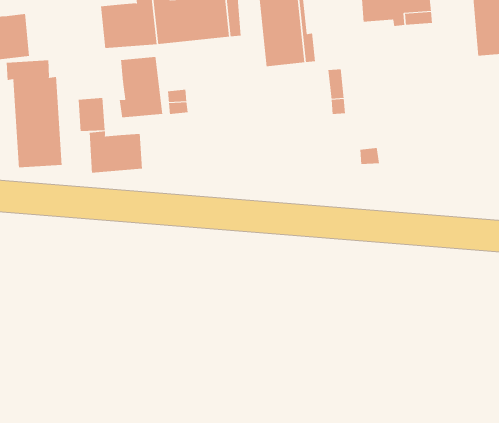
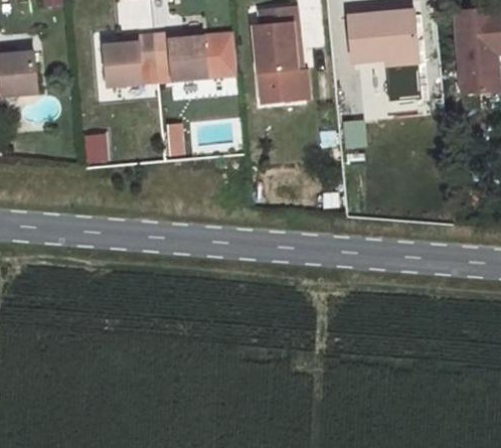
building: [119,56,163,118] -> none
building: [6,60,62,168] -> none
building: [89,130,142,174] -> none

